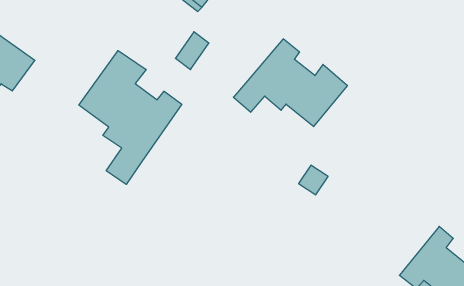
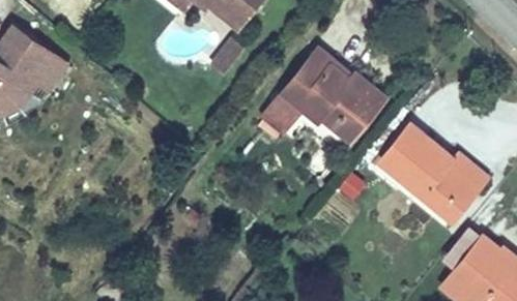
building: [79,51,182,184] -> none
building: none -> [381,121,477,216]

